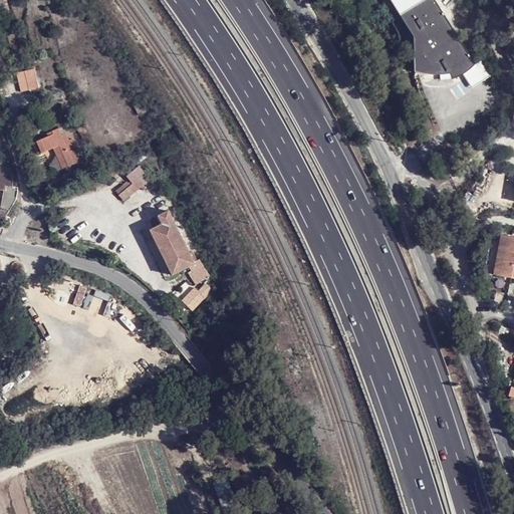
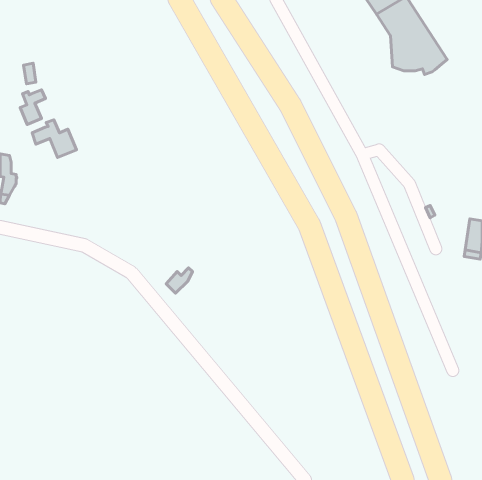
building: none -> [20,90,46,124]
building: [113,167,148,202] -> none
building: [146,212,205,286] -> none

